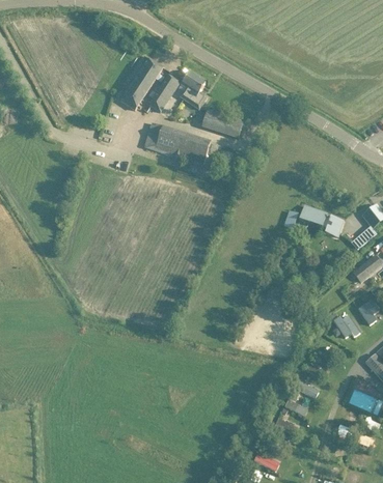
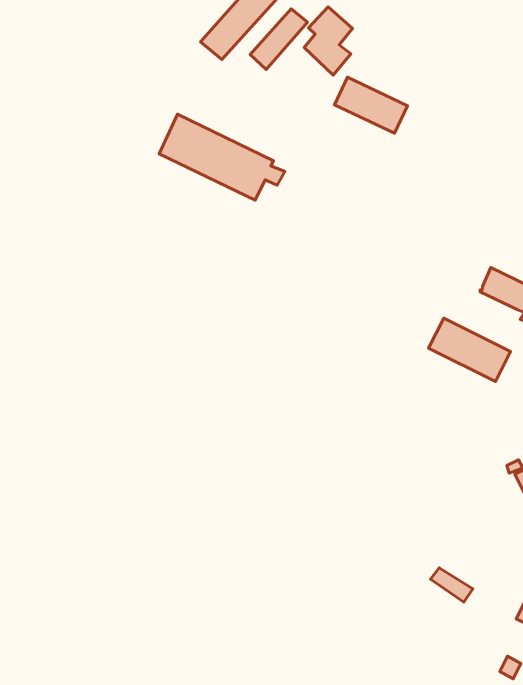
building: [144,122,217,165] -> [159,114,285,200]
building: none -> [429,318,511,382]

